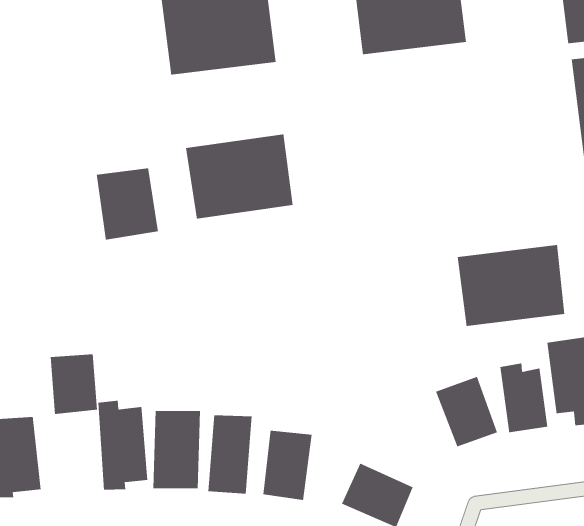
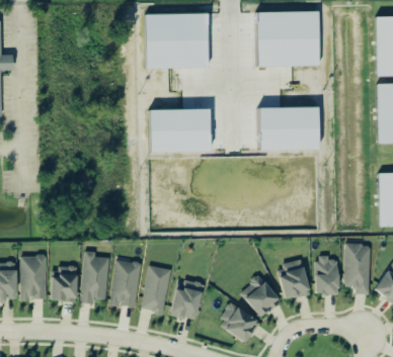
building: [96,168,159,240] -> none
building: [457,244,565,326] -> [257,107,316,149]
building: [50,354,98,415] -> [52,266,78,299]
building: none -> [240,274,280,315]

